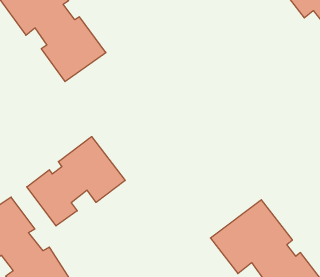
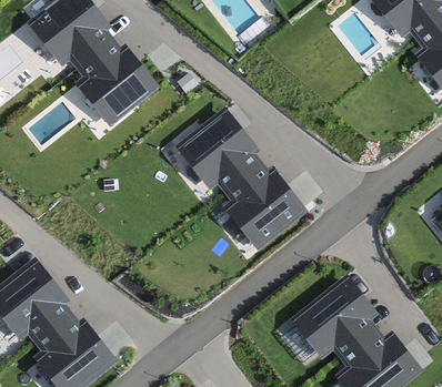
building: none -> [171,104,307,249]
building: [27,137,125,226] -> none

